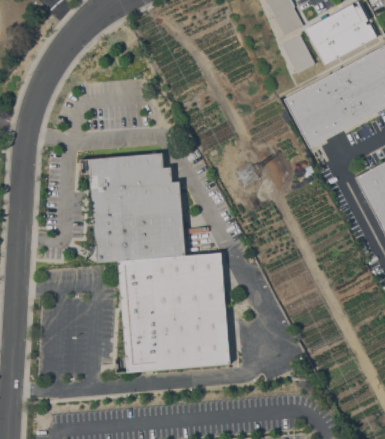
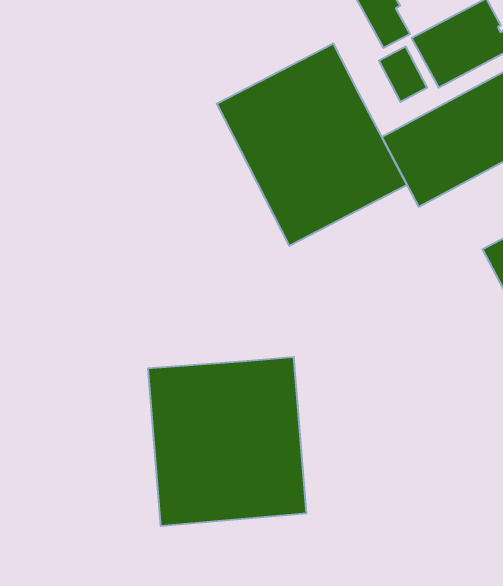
building: none -> [217,43,407,246]
building: [88,151,185,263] -> none

